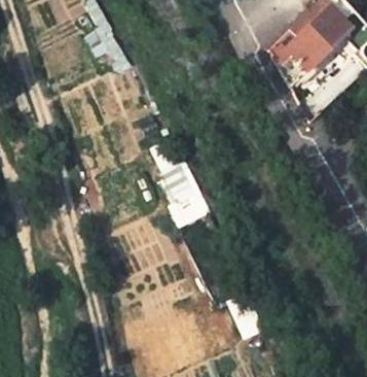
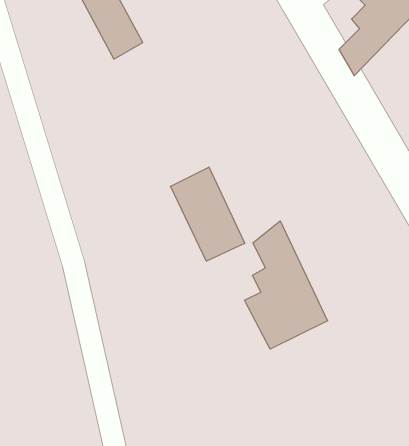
building: none -> [245,221,328,349]

